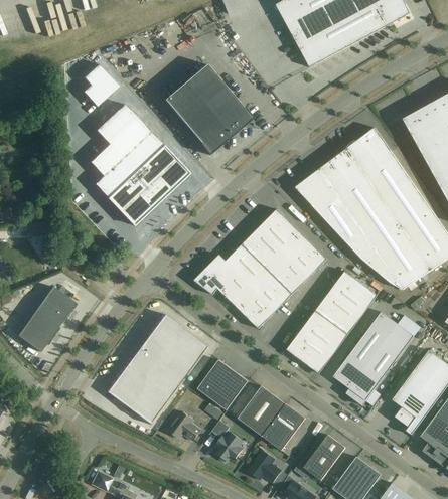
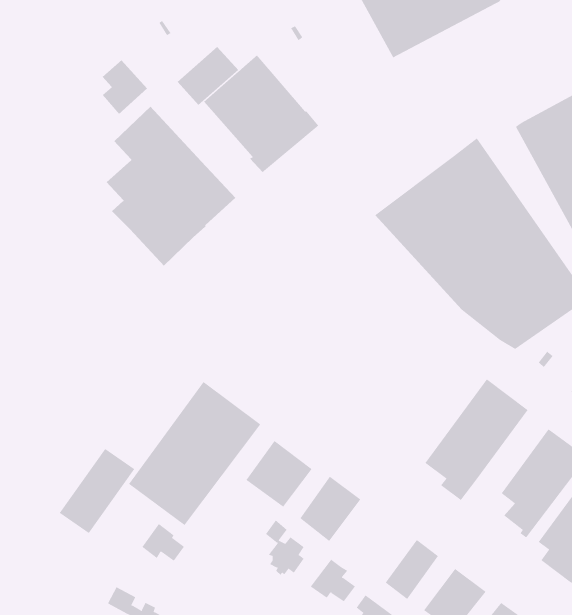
building: none -> [177,46,239,106]
building: [193,208,326,328] -> none
building: [286,271,377,372] -> none
building: [17,286,76,351] -> [59,448,135,534]
building: [261,402,305,450] -> none
building: [167,410,200,440] -> [141,523,185,561]

